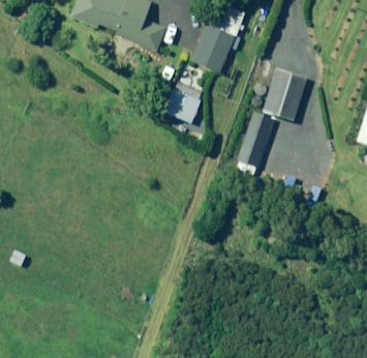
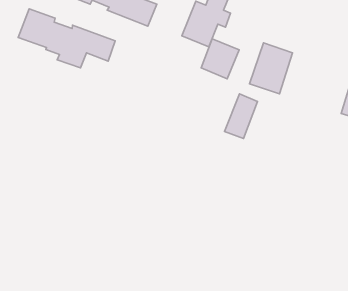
building: none -> [18,9,115,68]
building: [163,82,203,123] -> [201,39,239,79]

